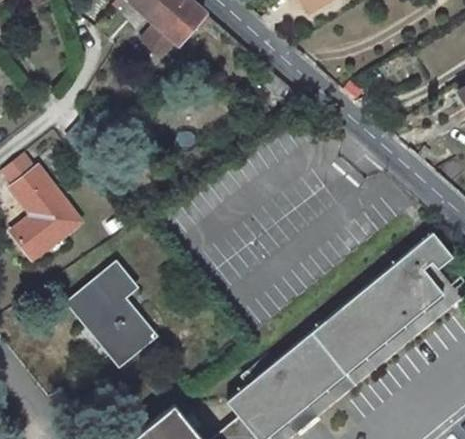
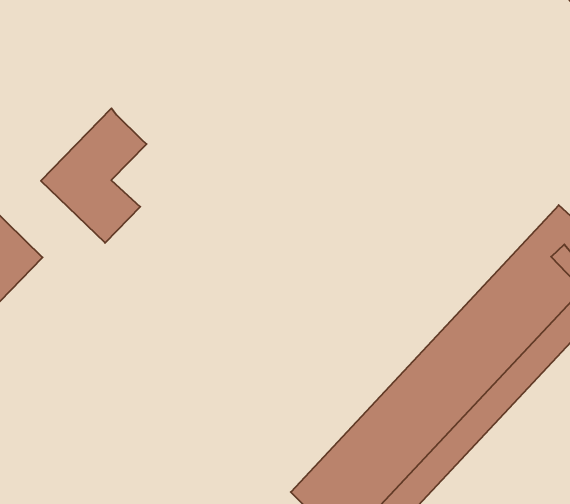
building: none -> [41,108,147,243]
building: [68,263,155,362] -> none

